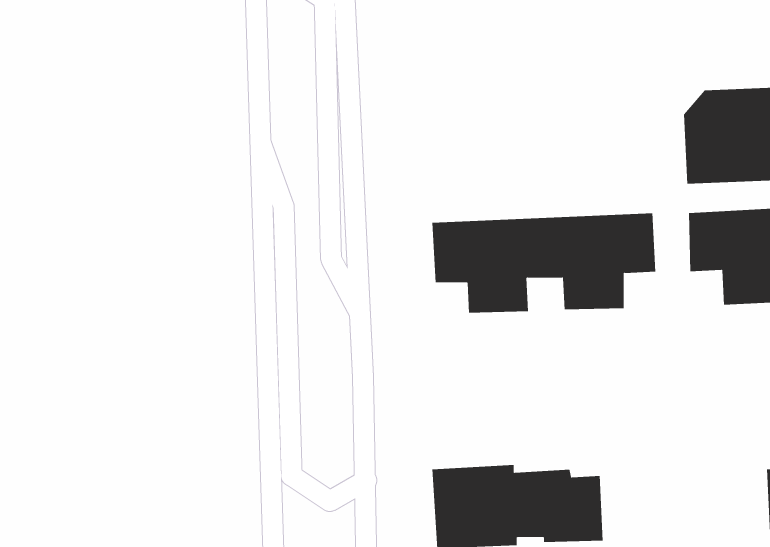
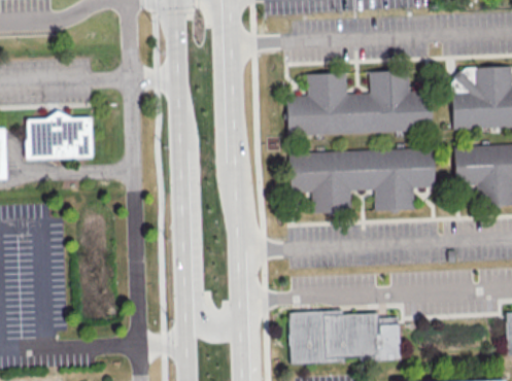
building: none -> [288,71,433,136]
building: none -> [26,111,93,159]

